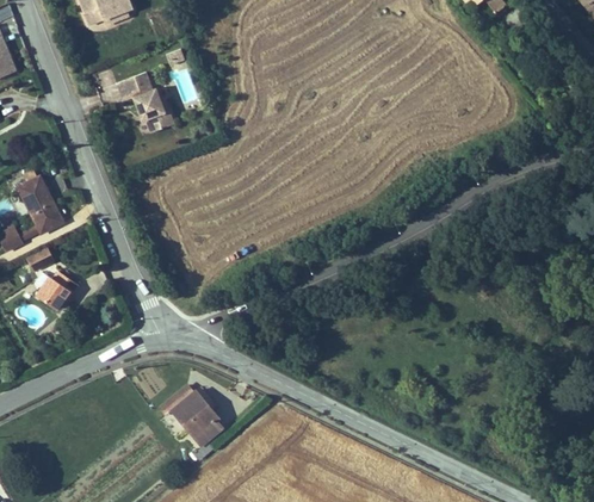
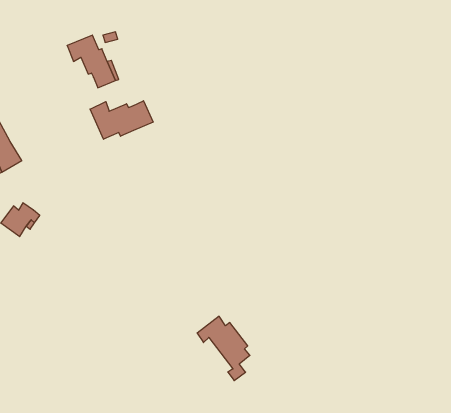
building: none -> [90,101,153,139]
building: [157,389,217,461] -> [197,316,250,381]

